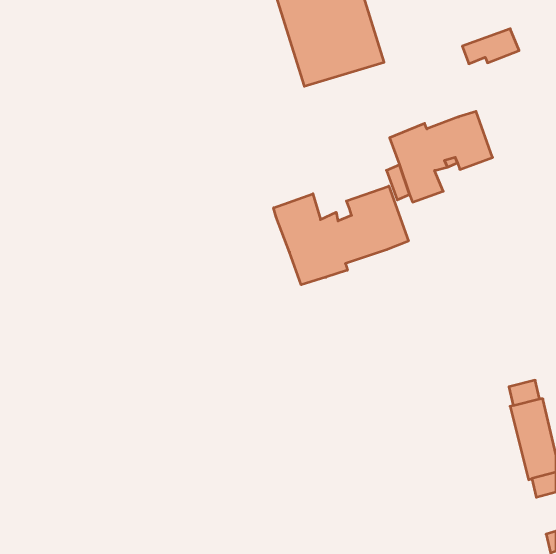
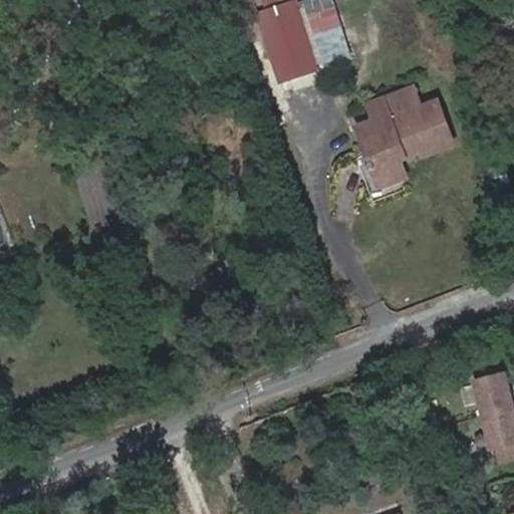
building: [462,29,519,64] -> [368,87,421,119]
building: [274,186,408,285] -> none

